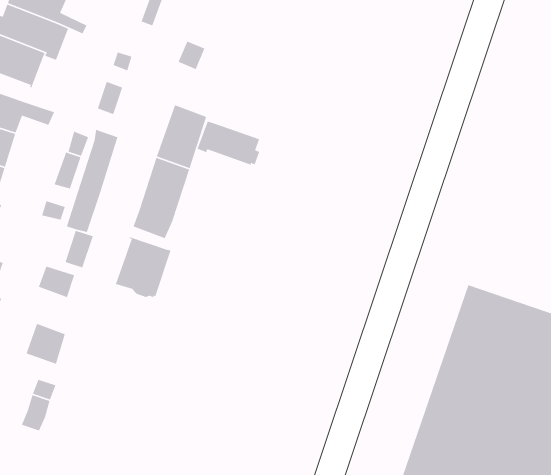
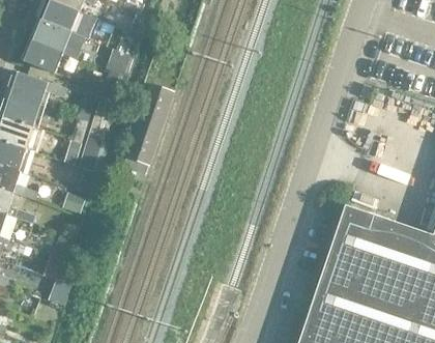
building: [196,120,260,166] -> none
building: [115,236,172,299] -> none

